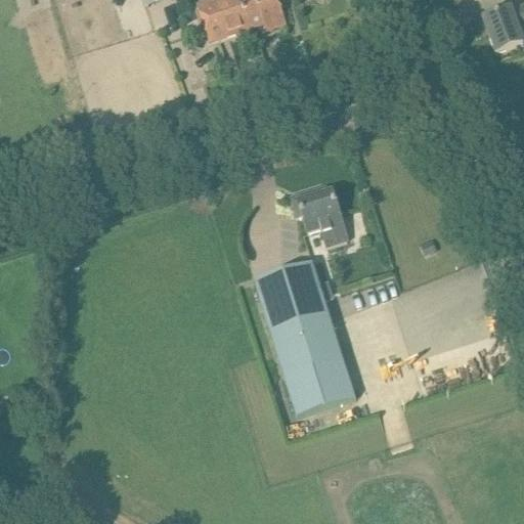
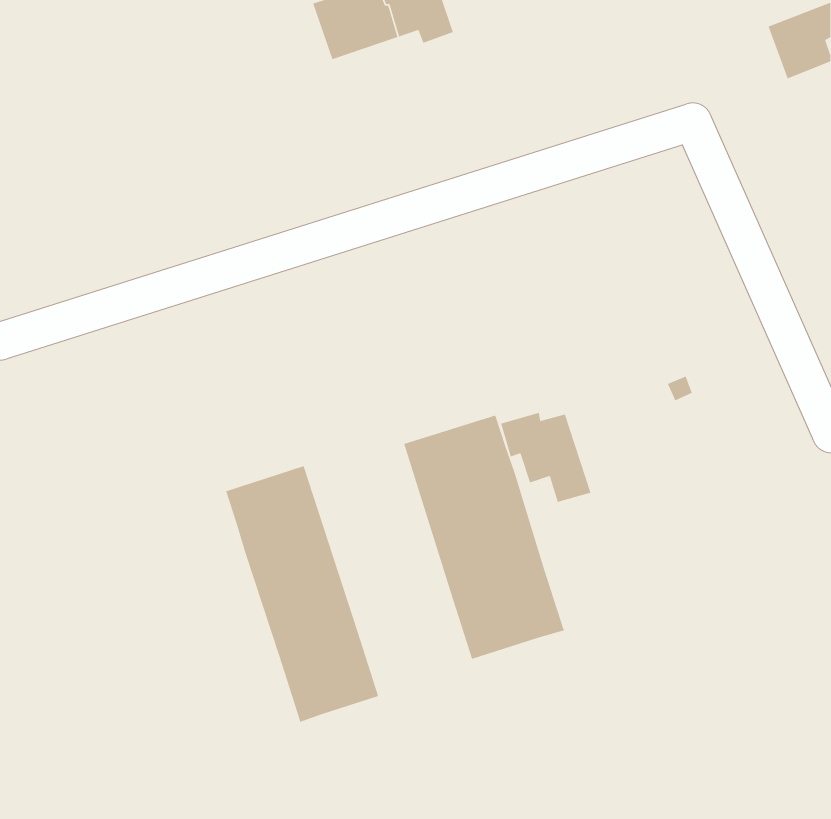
building: [291,187,348,245] -> [500,412,591,503]
building: none -> [225,465,379,723]

